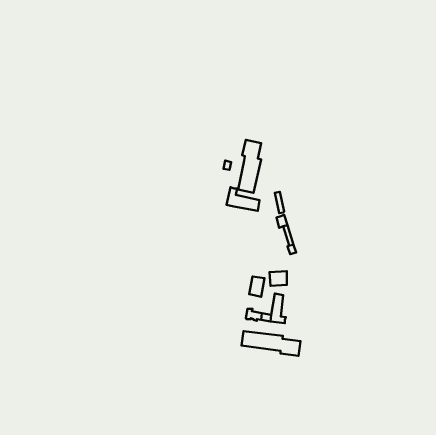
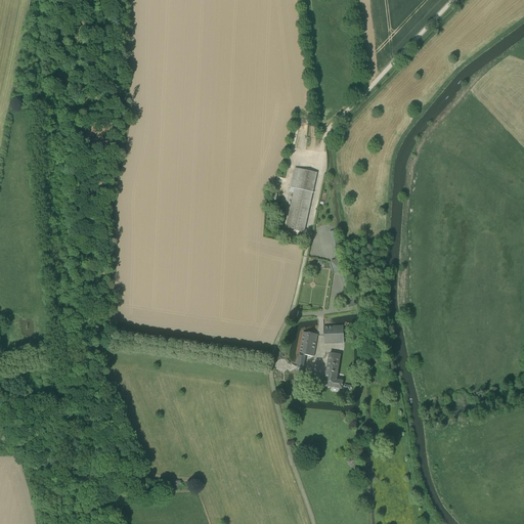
building: [226,187,259,211] -> none
building: [242,331,300,356] -> none

